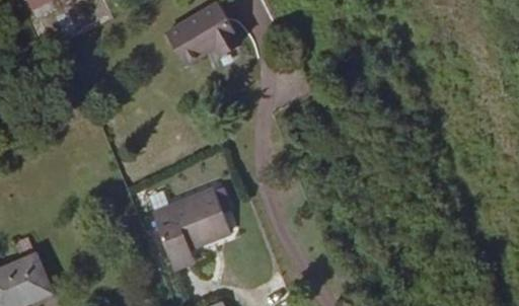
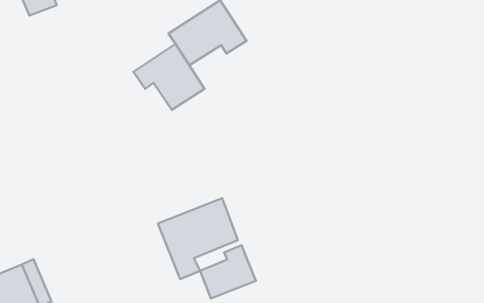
building: none -> [134,44,205,110]
building: none -> [200,245,256,299]

